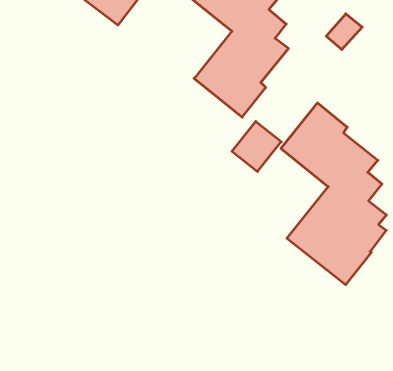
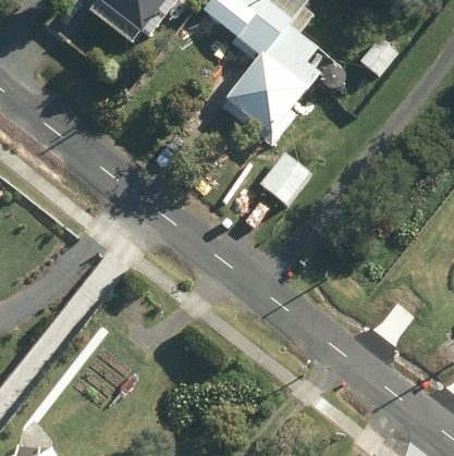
building: [281,103,386,285] -> none

